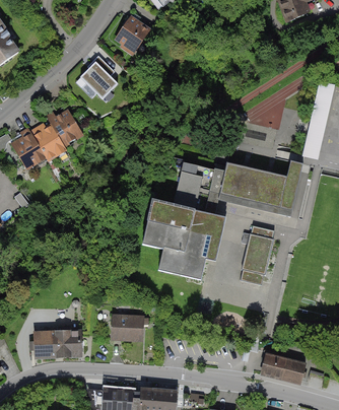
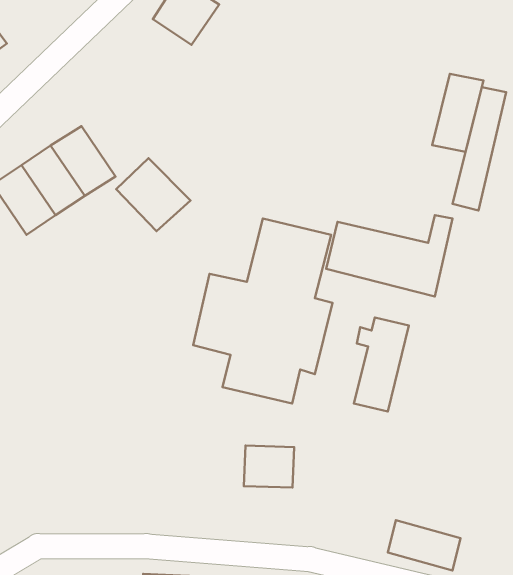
building: [79,60,126,106] -> [116,158,191,231]
building: none -> [432,74,483,152]
building: [111,316,142,342] -> [244,445,294,488]
building: [29,326,80,355] -> none

